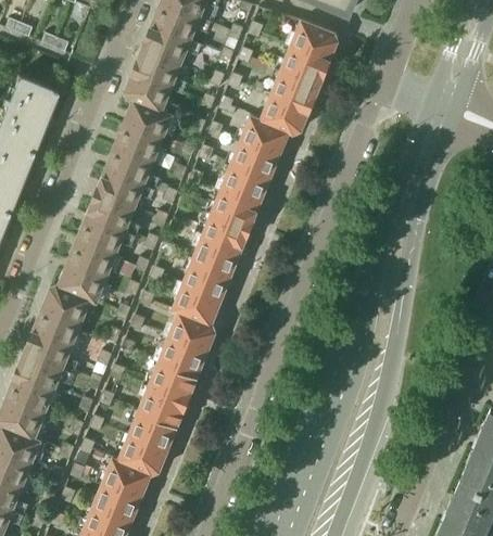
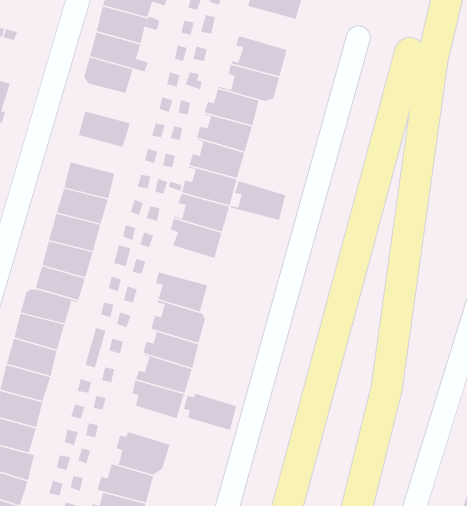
building: [275,41,330,86] -> none
building: [123,100,174,139] -> none
building: [104,145,155,184] -> none
building: [176,256,230,298] -> [230,180,286,221]
building: [128,405,179,444] -> [183,393,237,431]

